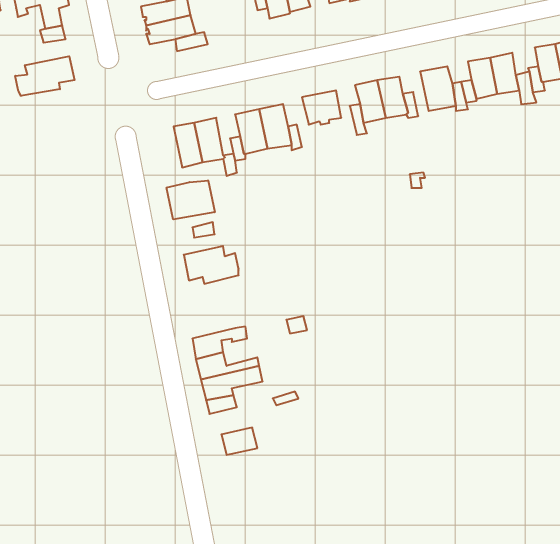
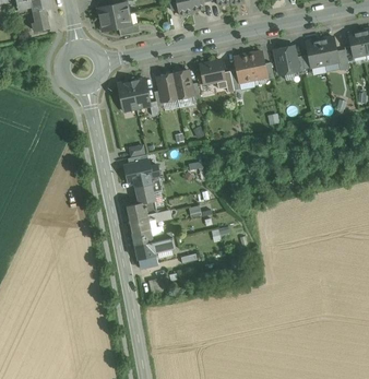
building: [15,56,75,96] -> none
building: [167,180,215,219] -> none
building: none -> [127,183,157,220]

